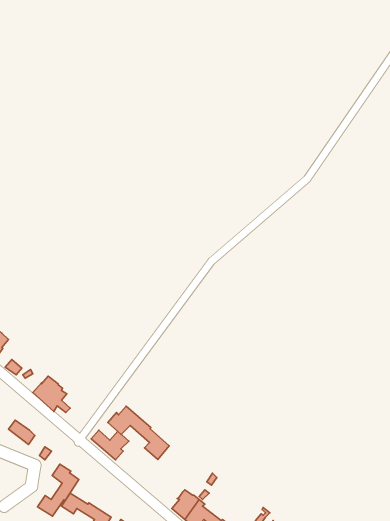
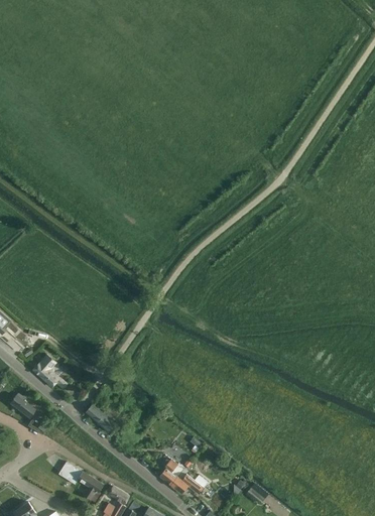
building: [108,406,169,460] -> none
building: [38,464,79,516] -> none

